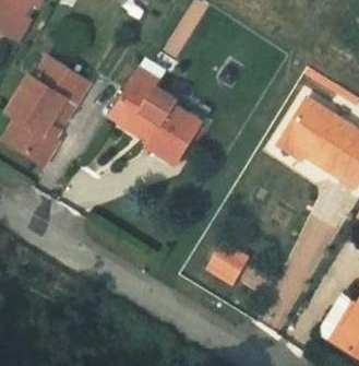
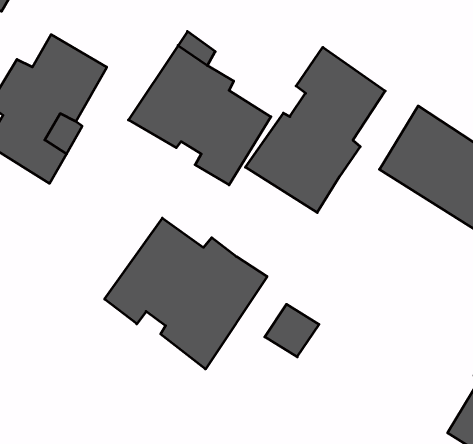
building: none -> [245,47,385,213]
building: none -> [105,218,267,369]

